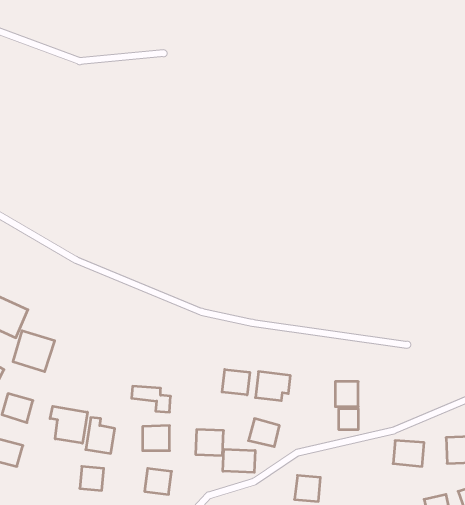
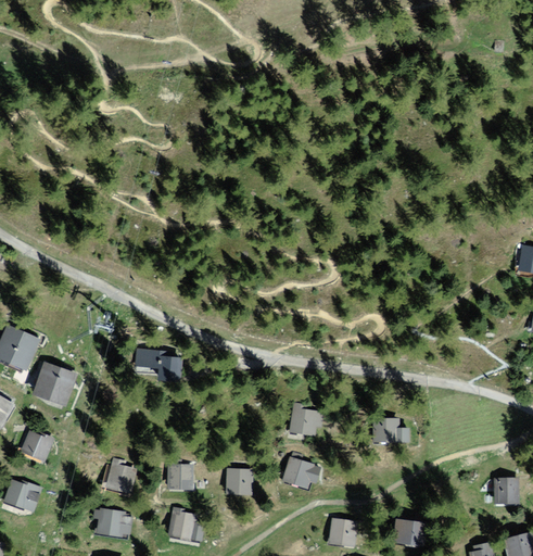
building: [222,369,250,395] -> none
building: [132,386,171,412] -> [129,351,172,379]
building: [50,406,87,443] -> none
building: [339,409,358,430] -> none
building: [393,441,424,466] -> [397,518,431,546]
building: [223,449,255,472] -> none

